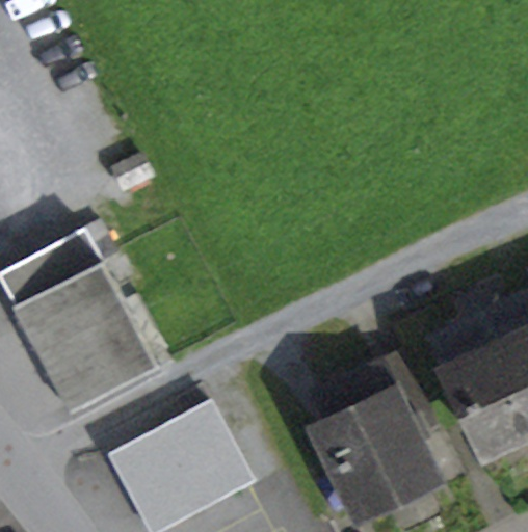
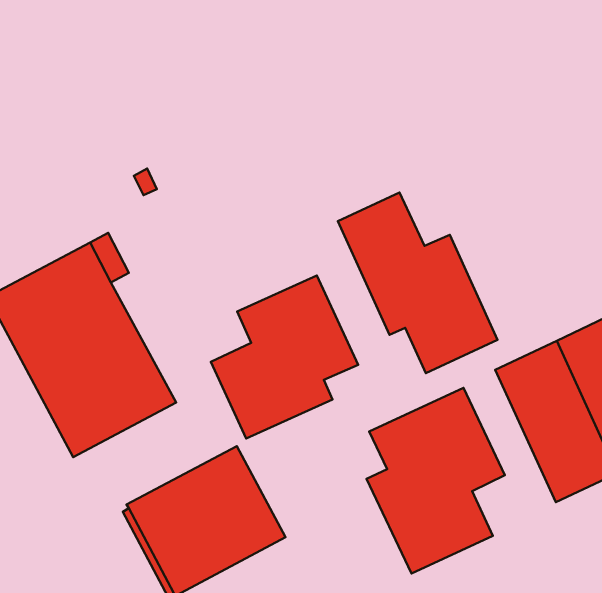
building: none -> [338,193,498,373]
building: none -> [211,275,358,439]

